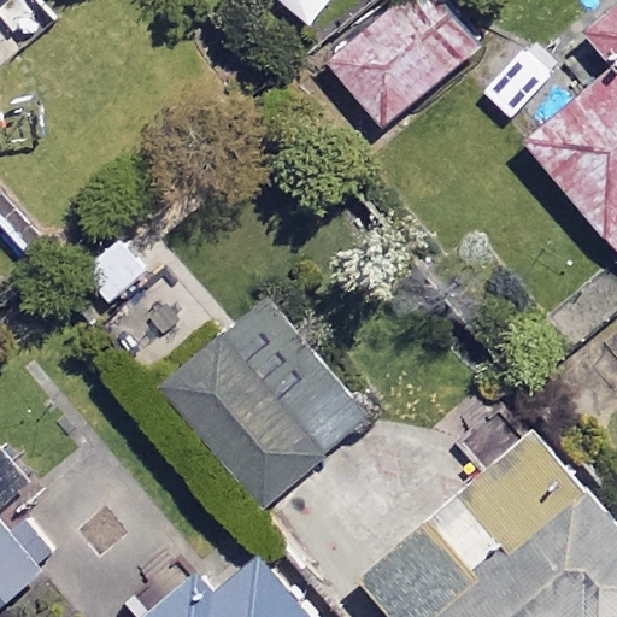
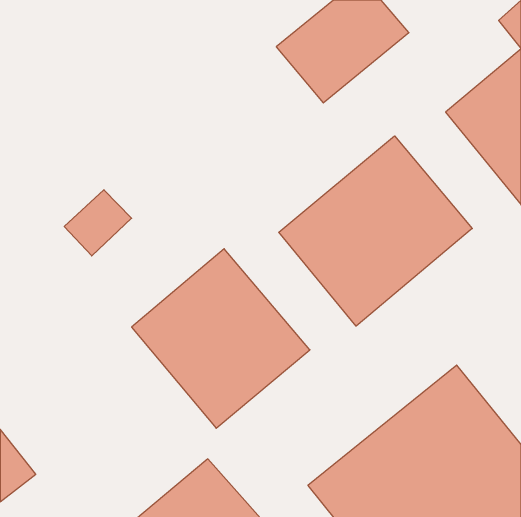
building: none -> [279,136,472,326]

